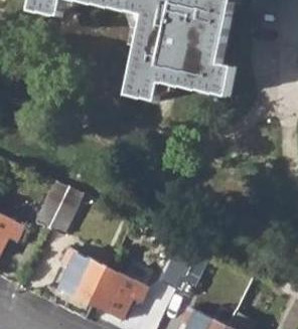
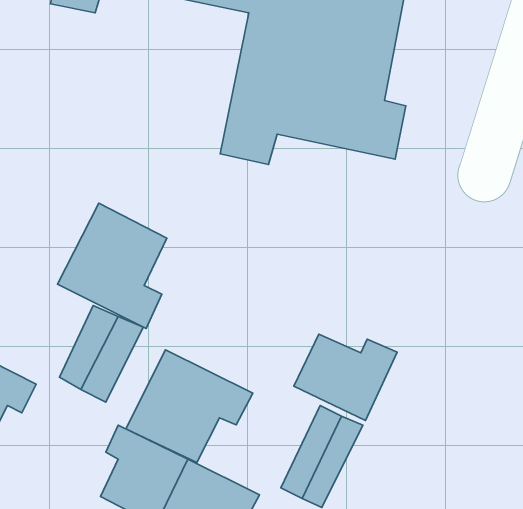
building: none -> [57,203,167,328]
building: none -> [294,334,397,421]
building: none -> [126,350,253,462]

